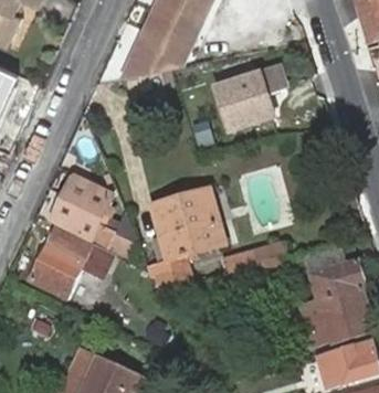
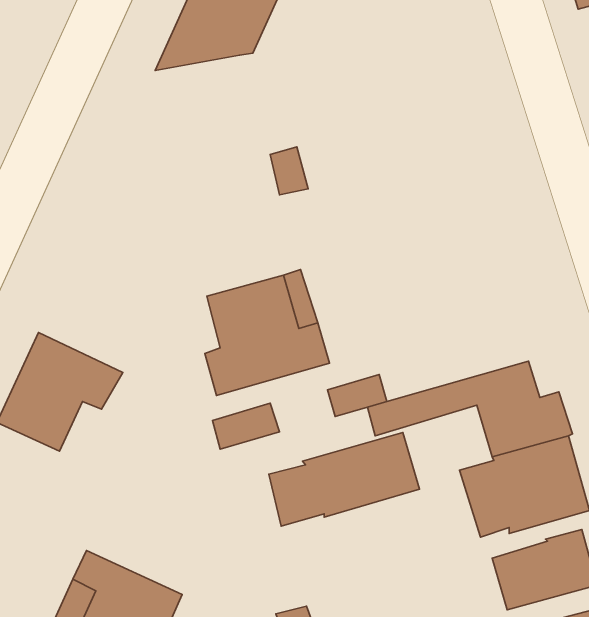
building: [214,61,289,125] -> none
building: [51,178,113,246] -> none
building: none -> [269,433,419,526]

